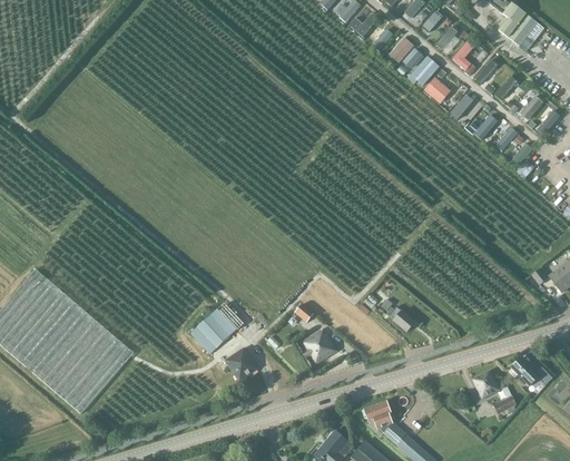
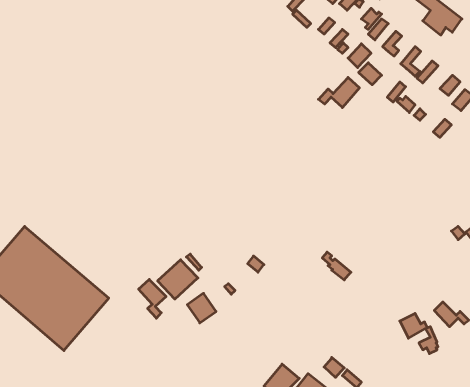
building: none -> [318,77,359,108]
building: [301,328,337,363] -> none
building: none -> [139,279,166,318]
building: [362,400,392,428] -> none

